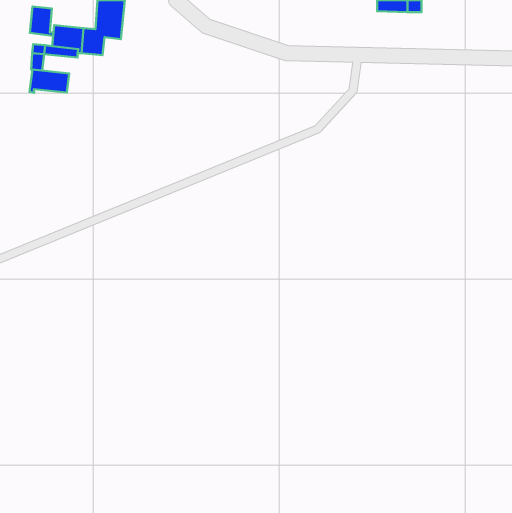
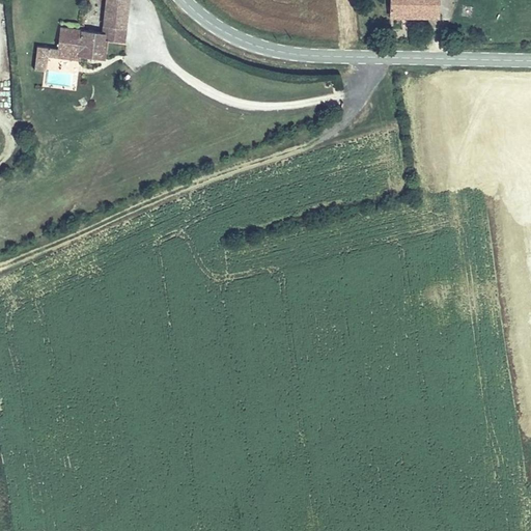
building: [30,6,54,36] -> none
building: [29,70,69,93] -> none

